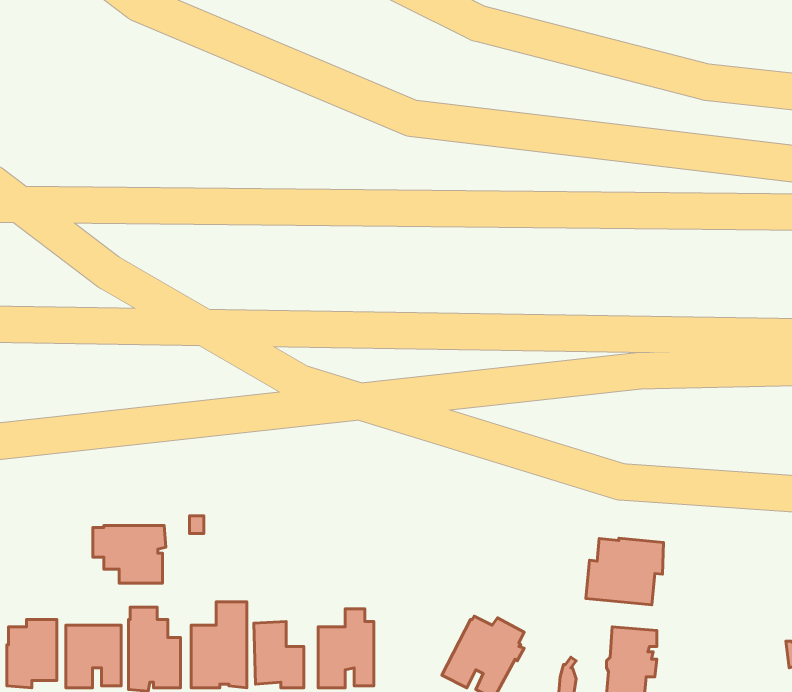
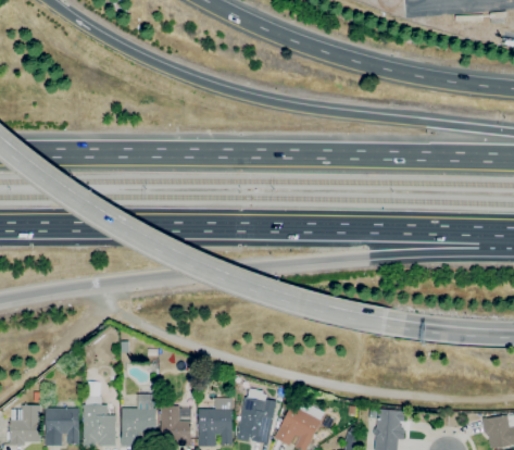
building: [93,525,166,583] -> none
building: [586,538,664,605] -> none
building: none -> [236,397,277,443]

